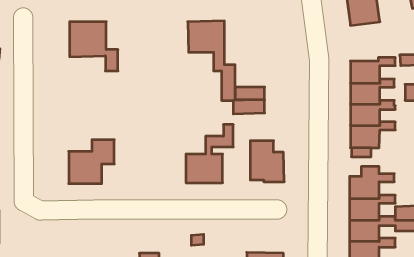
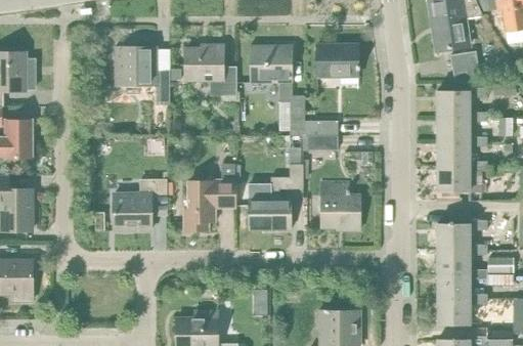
building: none -> [316,45,359,76]
building: none -> [185,46,236,96]
building: none -> [449,51,479,83]
building: none -> [183,165,234,231]

